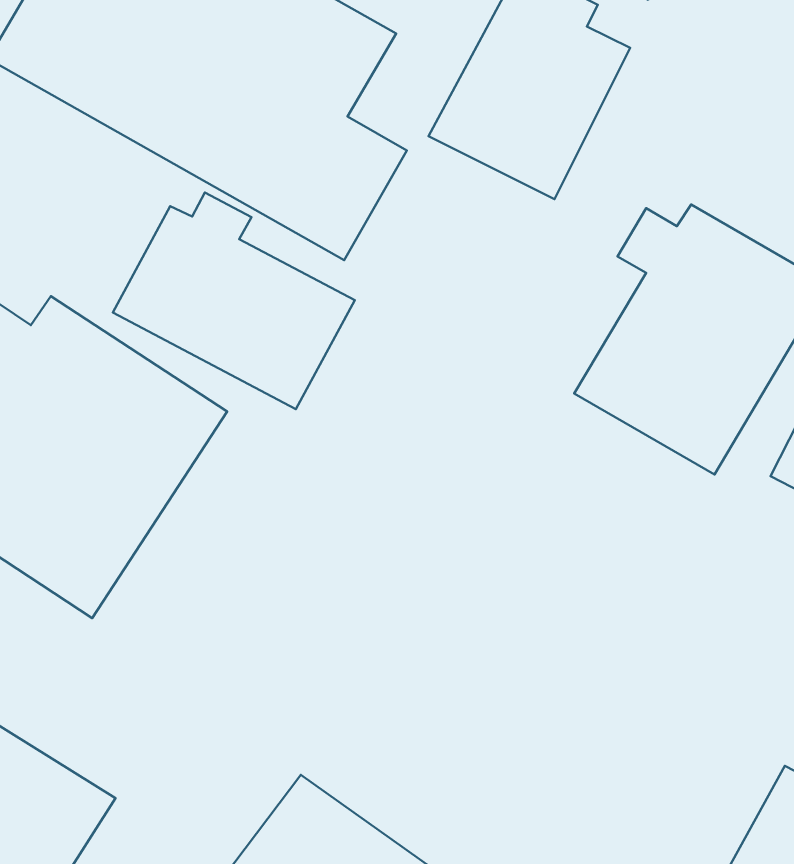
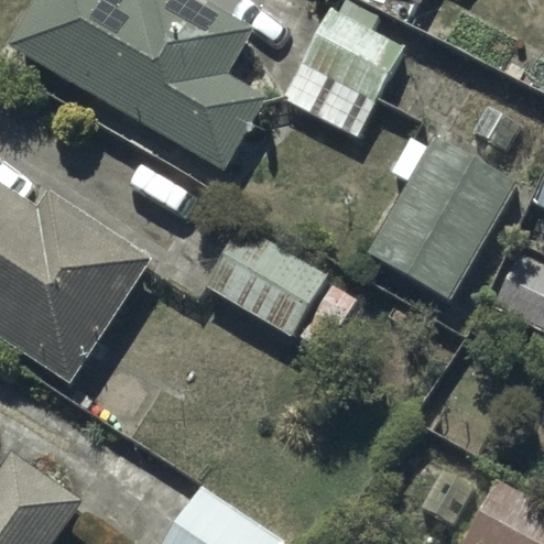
building: [113,192,355,409] -> none
building: none -> [200,224,358,351]

